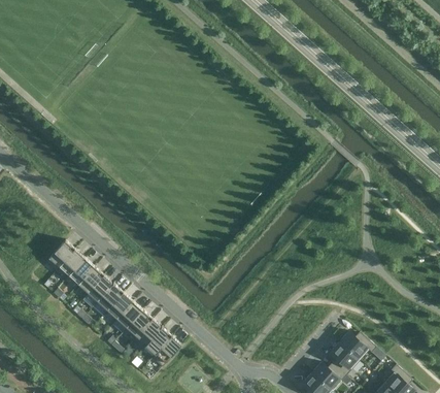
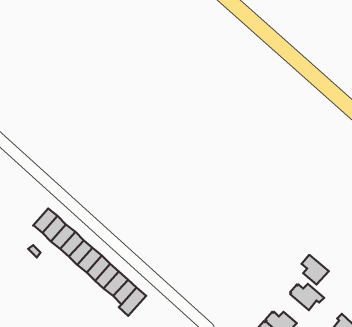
building: [43,240,73,272] -> none
building: [329,343,359,375] -> [301,255,329,284]

